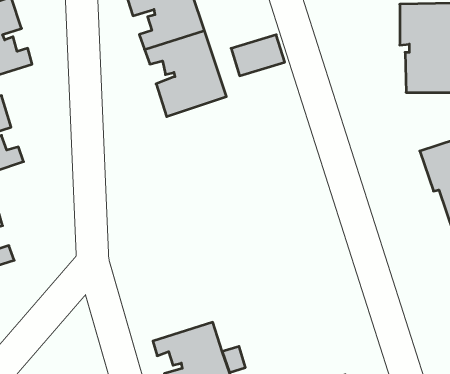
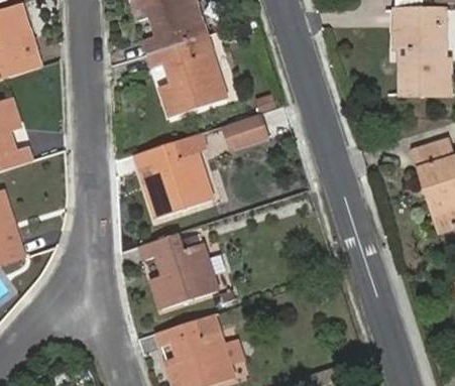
building: [231,35,285,76] -> [224,112,275,151]
building: none -> [135,138,213,218]
building: none -> [140,233,219,309]

